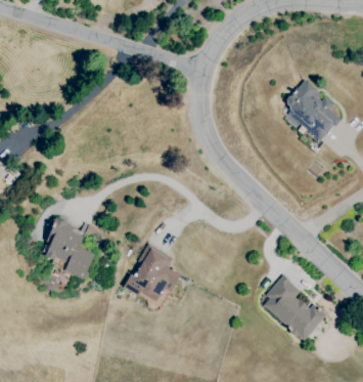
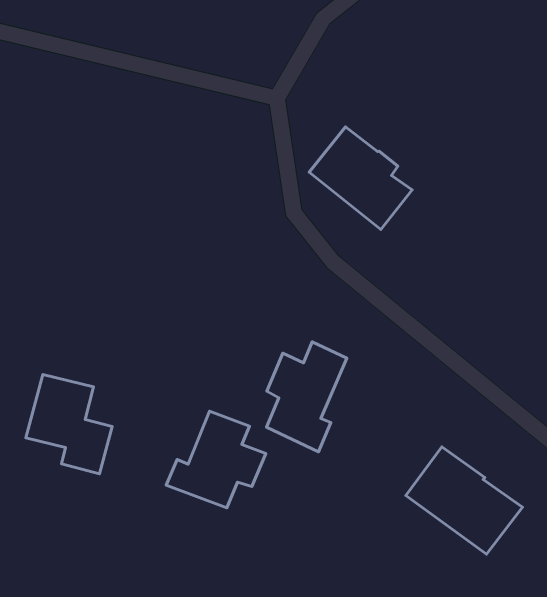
building: [282,79,341,139] -> [309,127,412,230]
building: none -> [266,342,347,452]

